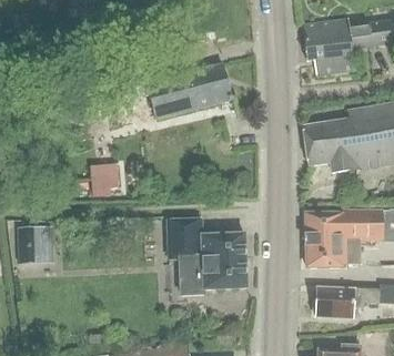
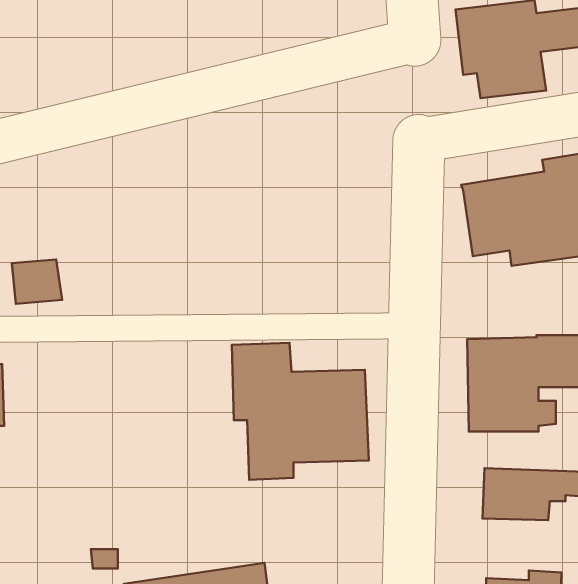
building: [145,63,232,119] -> none
building: [90,162,119,187] -> [12,259,62,304]

